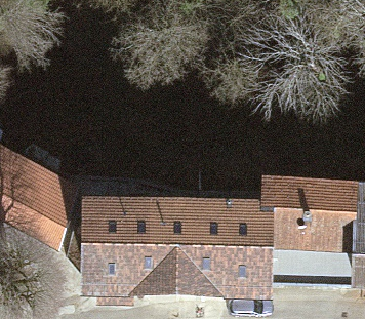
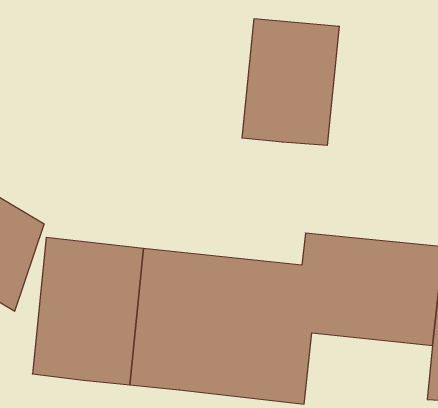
building: none -> [242,19,339,145]

